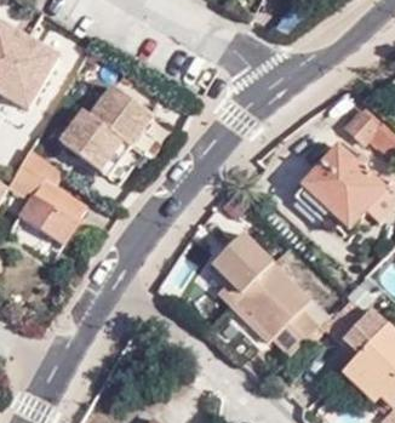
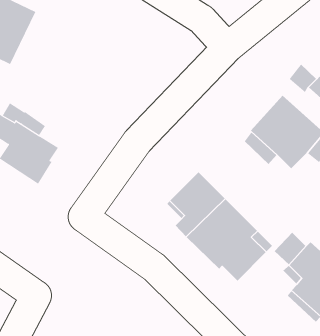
building: [61,85,153,170] -> none

